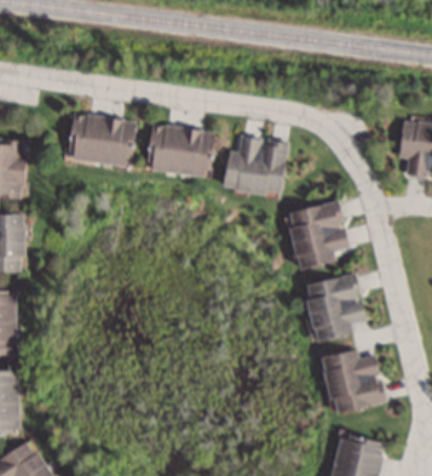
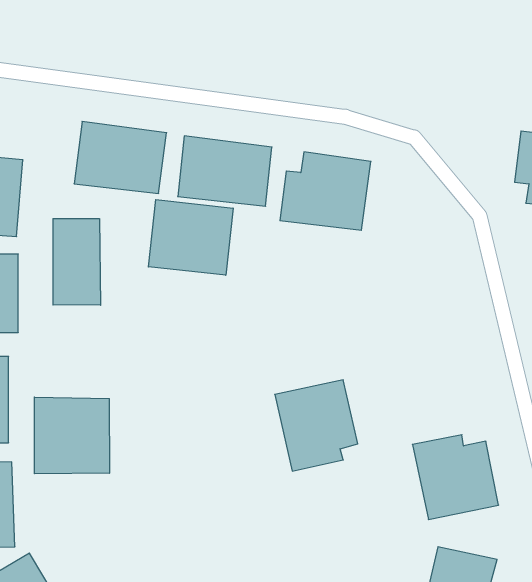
building: none -> [148,200,233,275]
building: none -> [53,219,101,305]
building: [286,201,351,268] -> none
building: [303,274,365,343] -> [275,380,358,471]
building: none -> [34,397,109,474]

